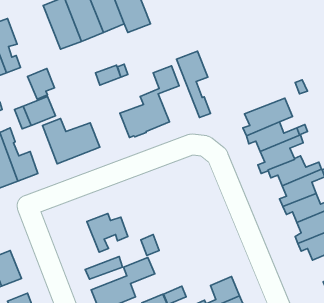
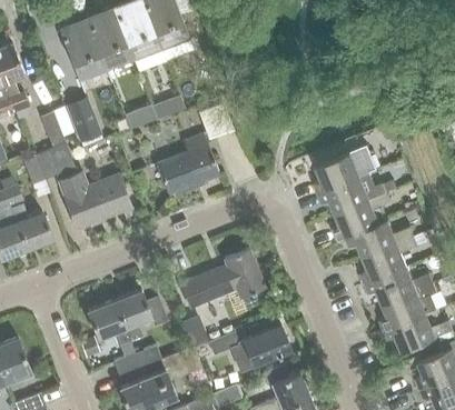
building: [177,51,211,118] -> none
building: none -> [66,96,101,142]
building: none -> [180,250,266,310]
building: none -> [87,302,129,347]
building: none -> [207,326,291,372]

